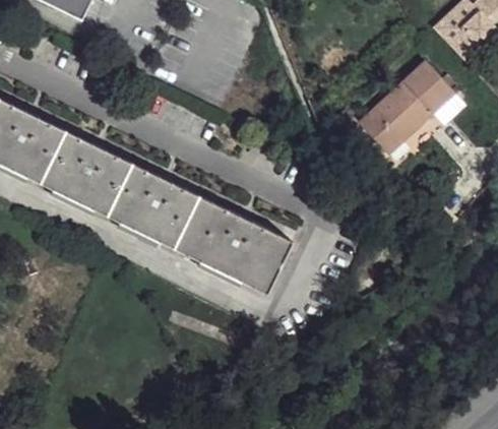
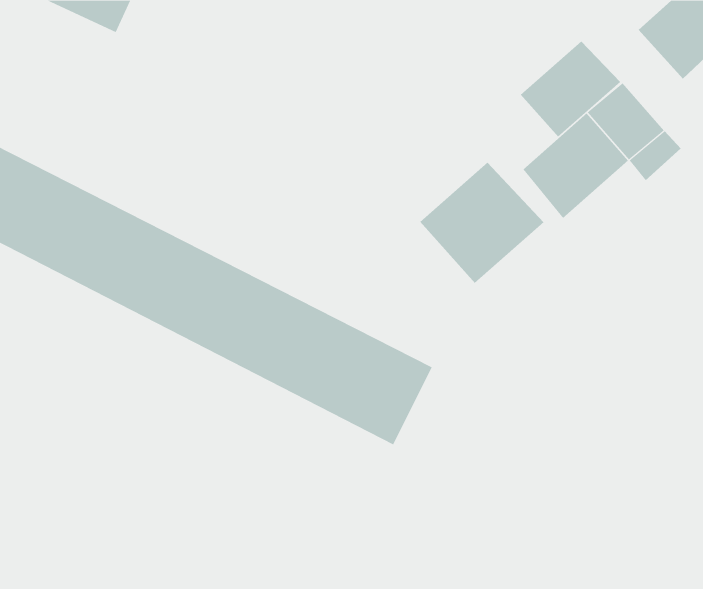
building: none -> [520,40,621,138]
building: none -> [420,162,544,284]

